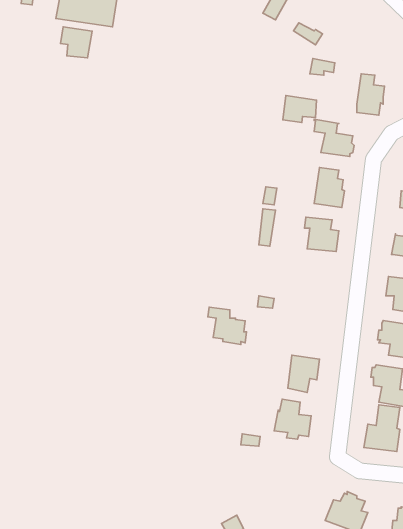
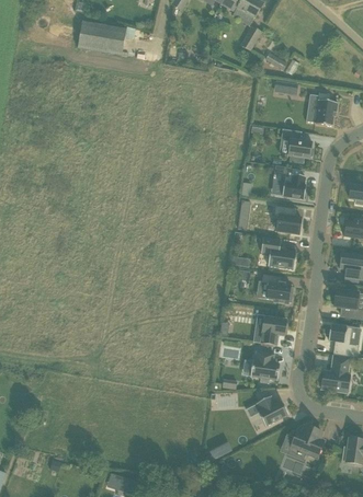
building: [60,27,92,58] -> none
building: [283,96,316,122] -> none
building: none -> [266,247,295,268]
building: [208,307,246,344] -> [261,274,292,303]
building: none -> [256,393,288,424]

